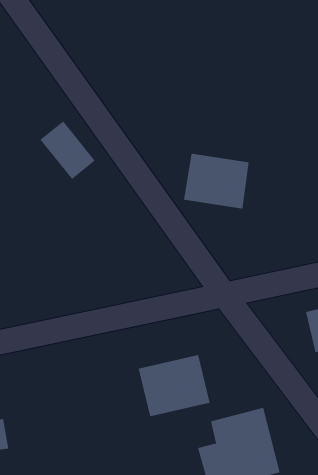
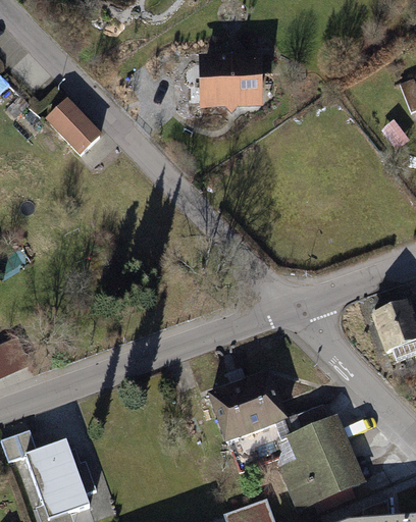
building: [40,121,96,180] -> [48,100,107,158]
building: [183,153,249,209] -> [204,56,265,105]

